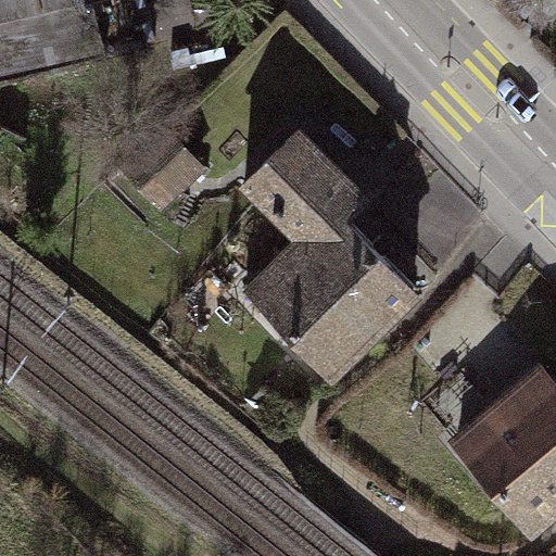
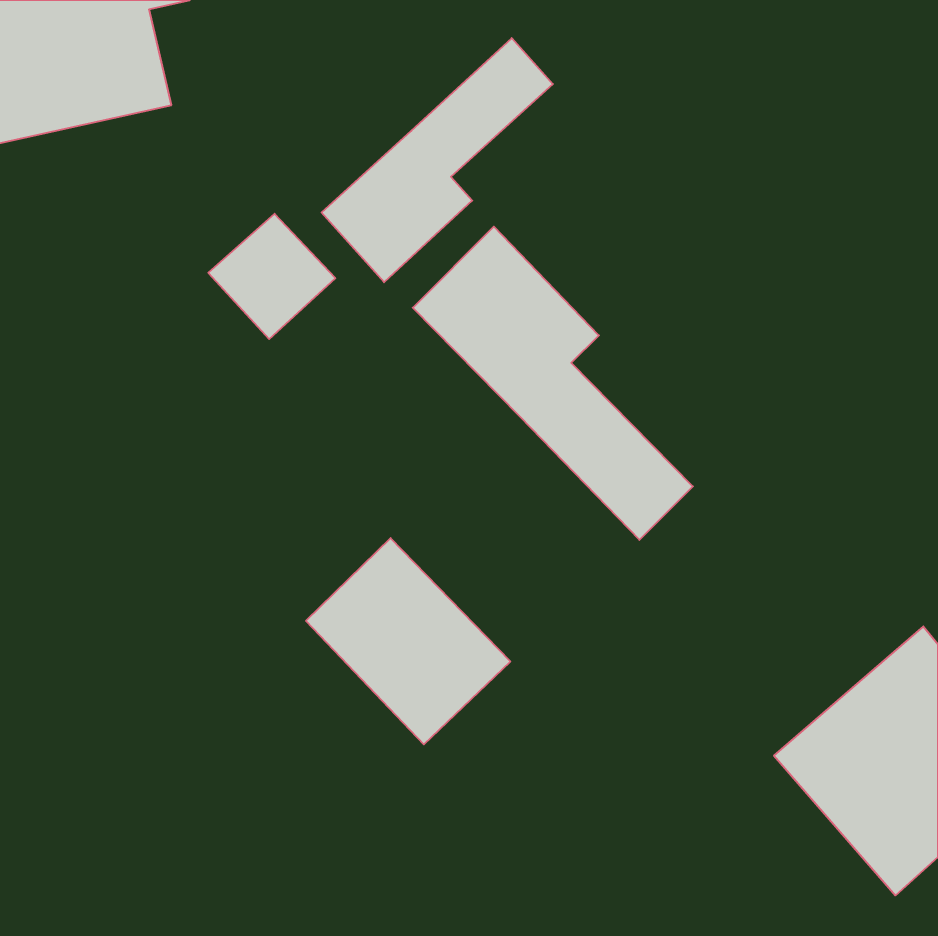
building: none -> [322,38,553,282]
building: [256,249,377,370] -> [306,538,510,744]

